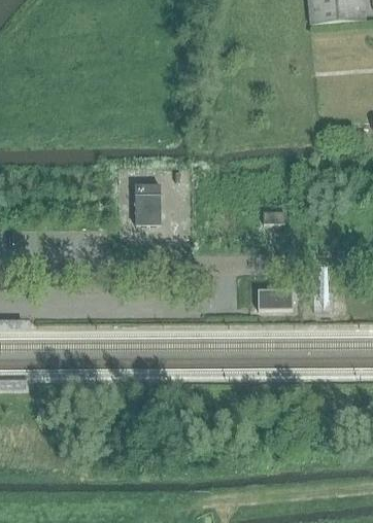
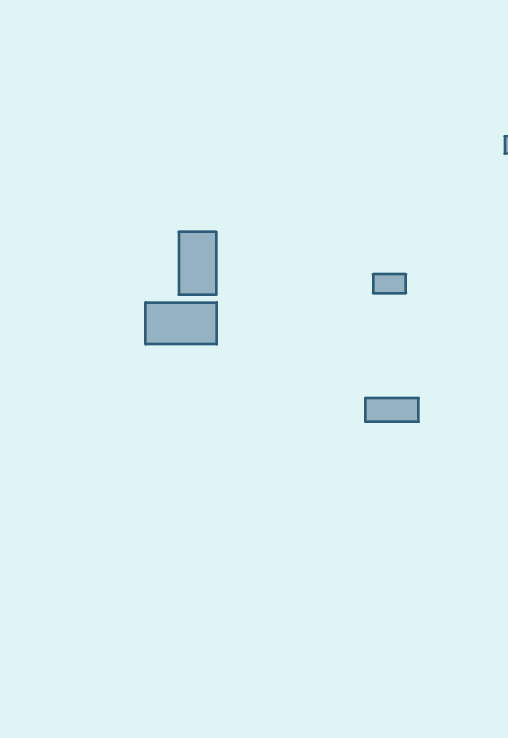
building: none -> [146,302,217,344]

